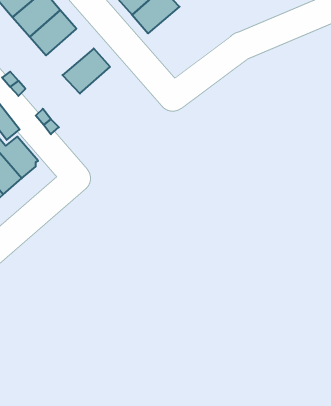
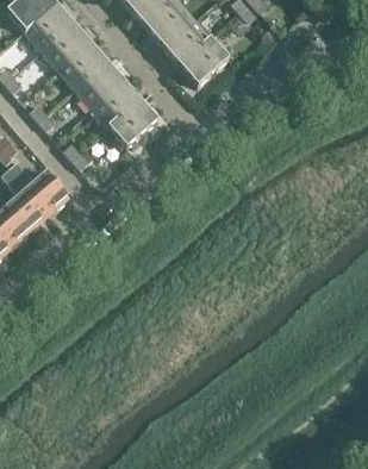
building: none -> [179,37,227,85]
building: none -> [74,60,123,107]
building: none -> [108,99,157,146]

